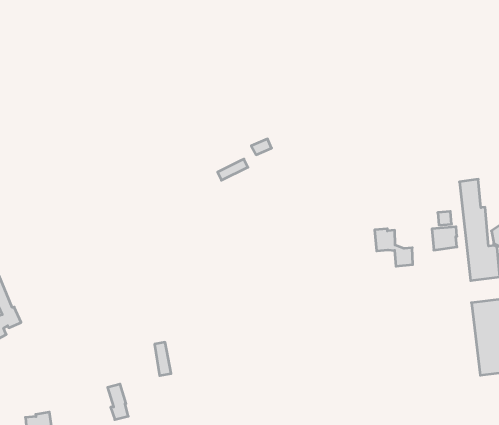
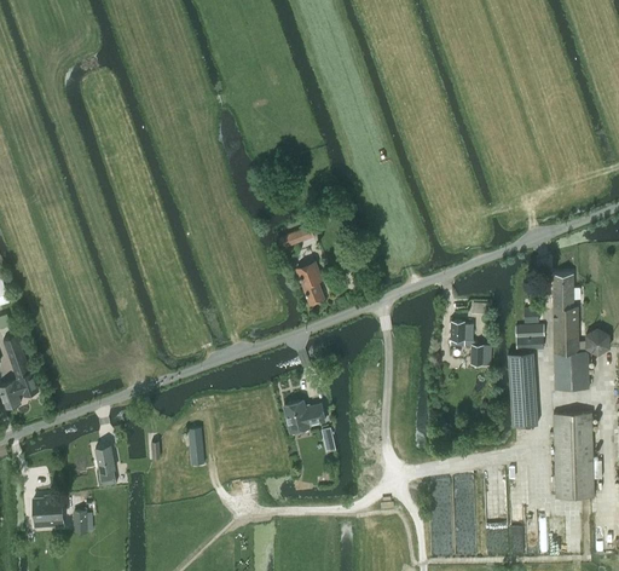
building: none -> [296,263,324,304]
building: none -> [509,352,538,427]
building: none -> [284,402,325,432]
building: [108,384,128,420] -> [96,446,116,486]

